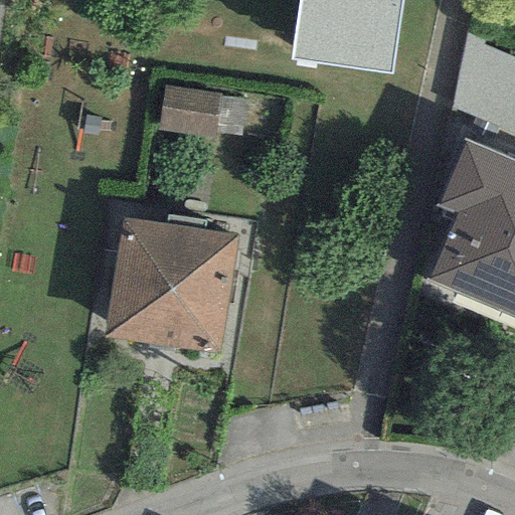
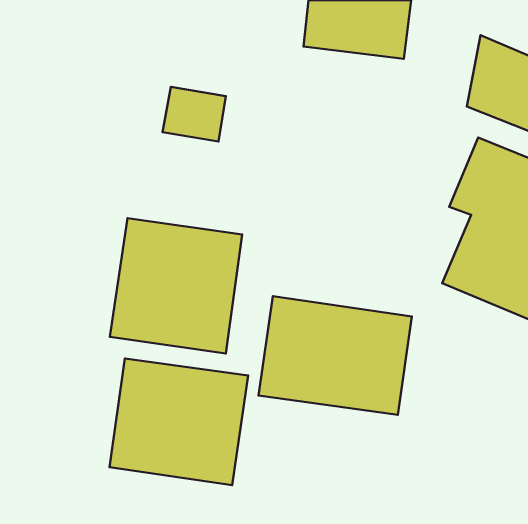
building: none -> [259,296,412,415]
building: none -> [109,358,248,485]

